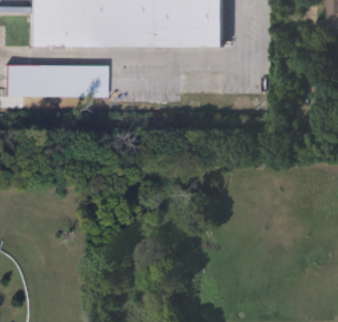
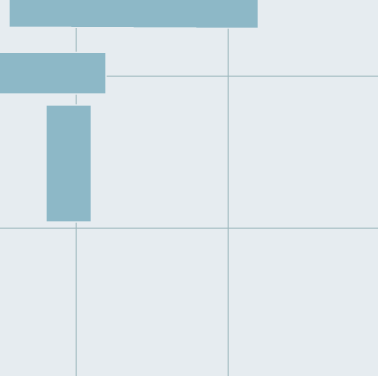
building: none -> [46,105,91,222]

